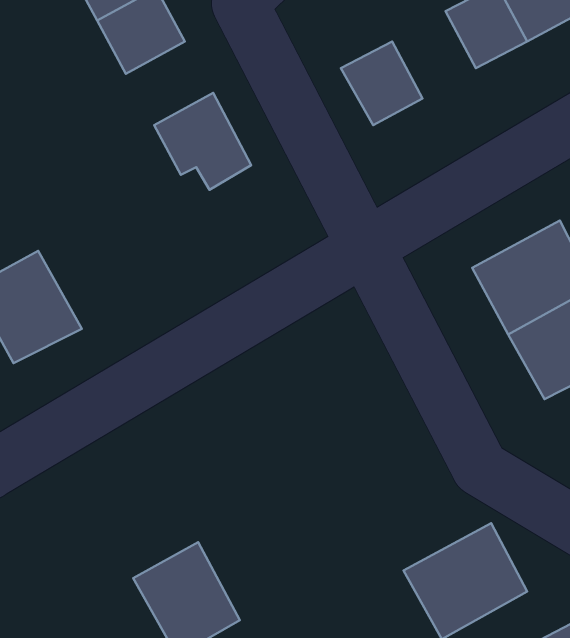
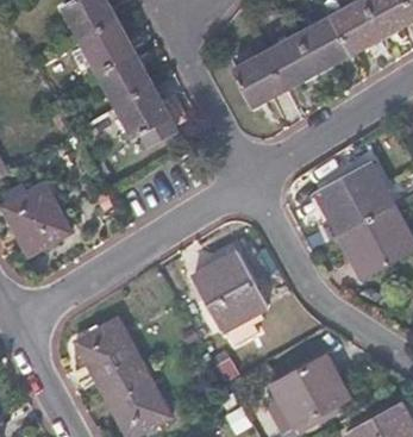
building: none -> [264,33,317,88]
building: none -> [98,52,152,105]
building: none -> [194,250,265,329]
building: none -> [75,318,143,388]

